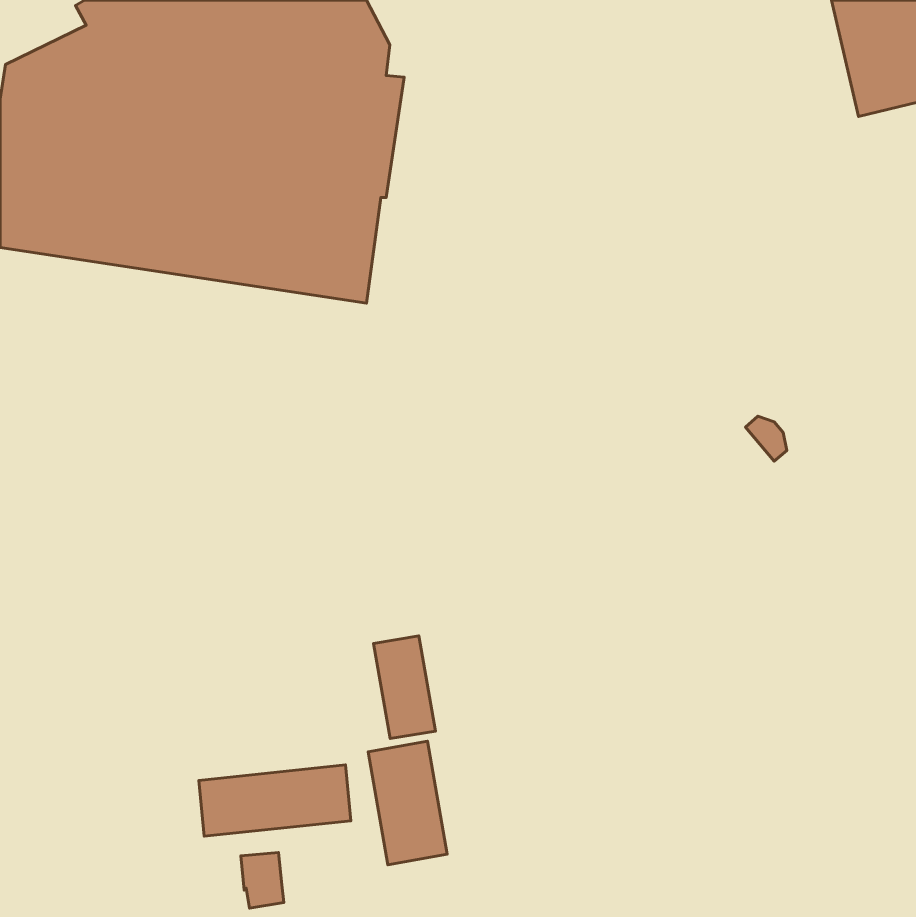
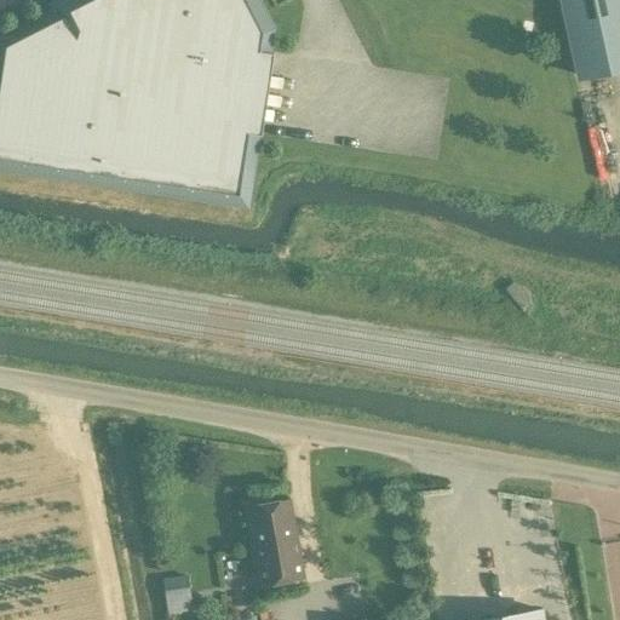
building: [373,636,435,739] -> none
building: [199,765,351,836] -> none

